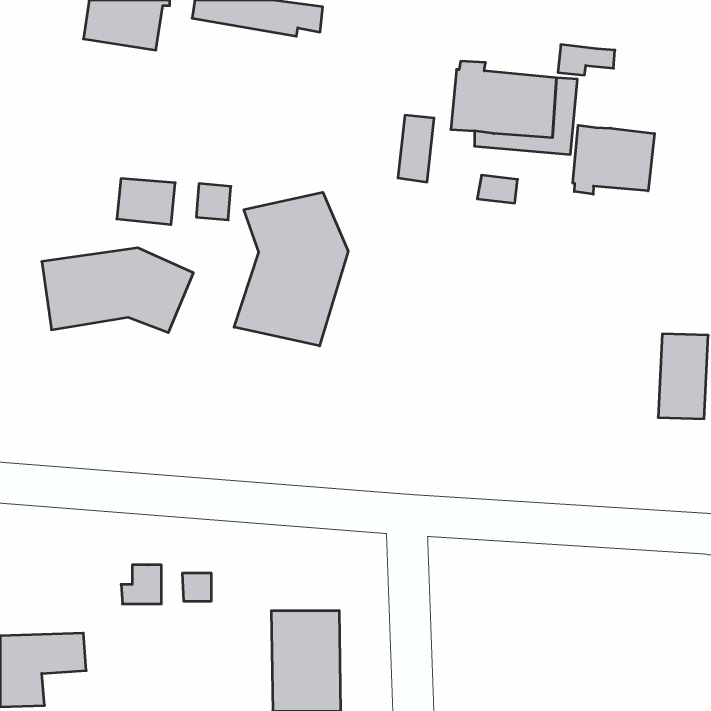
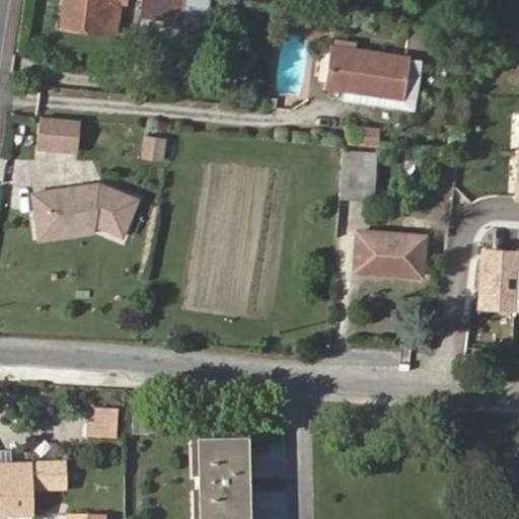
building: [398,115,434,182] -> [339,152,365,201]
building: [573,125,654,194] -> none
building: [117,179,175,225] -> [35,118,78,151]
building: [234,192,348,346] -> none
building: none -> [354,229,424,277]

